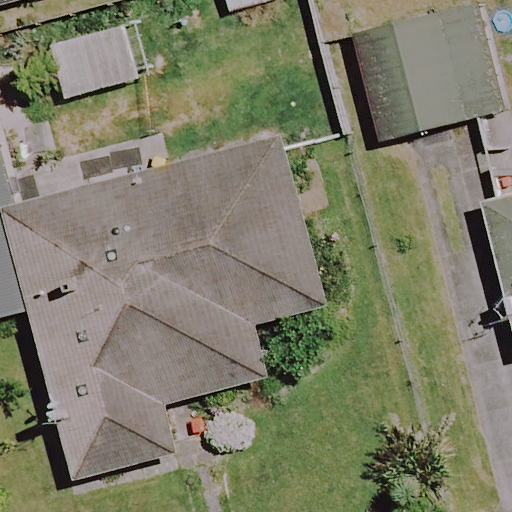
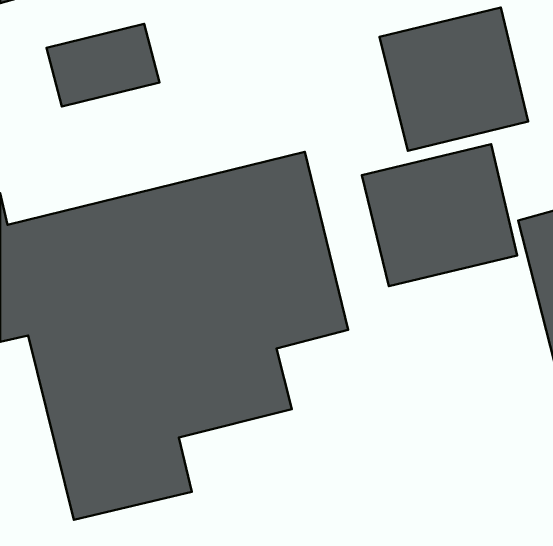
building: none -> [362,144,517,286]

